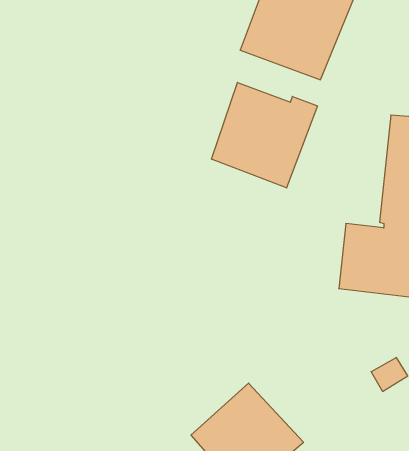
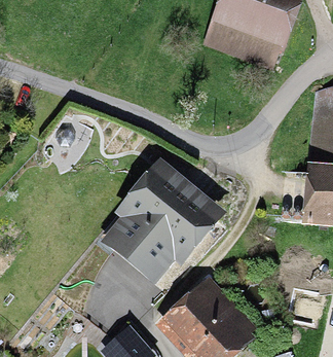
building: [212,82,317,188] -> none
building: none -> [114,173,212,274]

